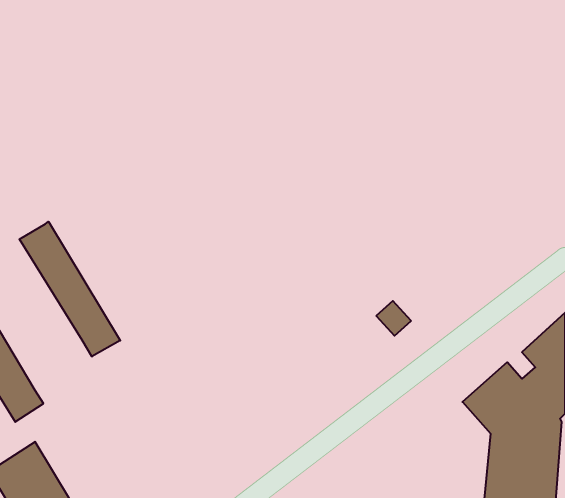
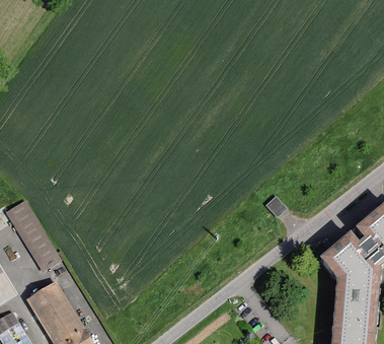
building: [19,222,120,357] -> none

